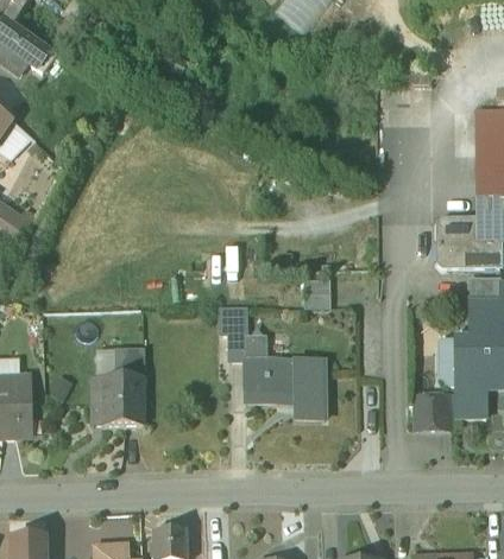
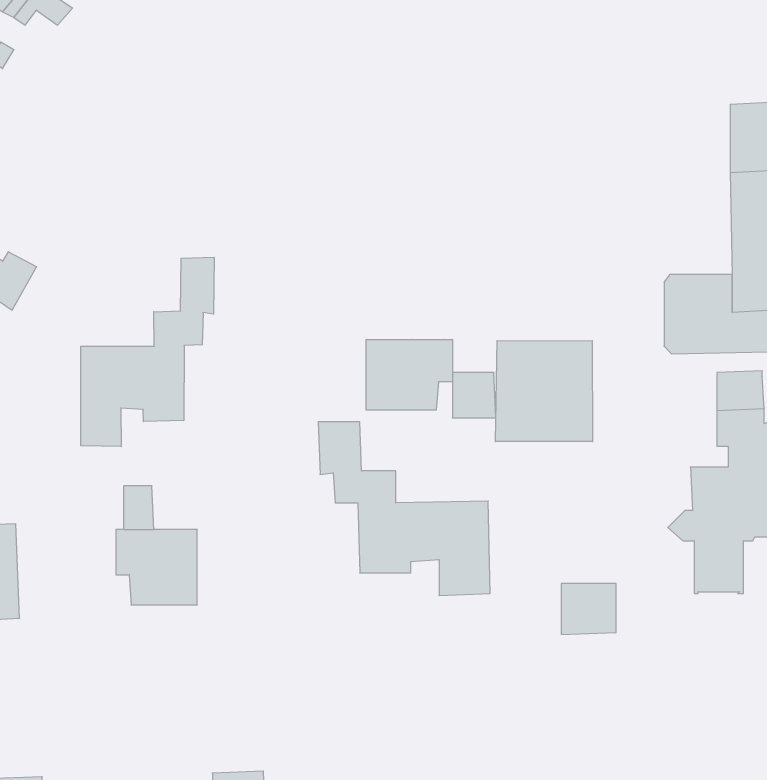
building: none -> [81,257,214,447]
building: none -> [366,339,452,410]
building: none -> [495,341,593,442]
building: [114,351,143,379] -> none
building: [415,396,449,428] -> [561,584,616,634]

